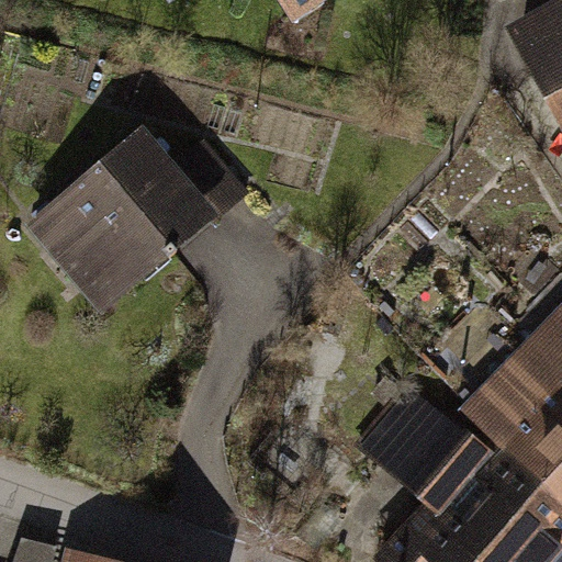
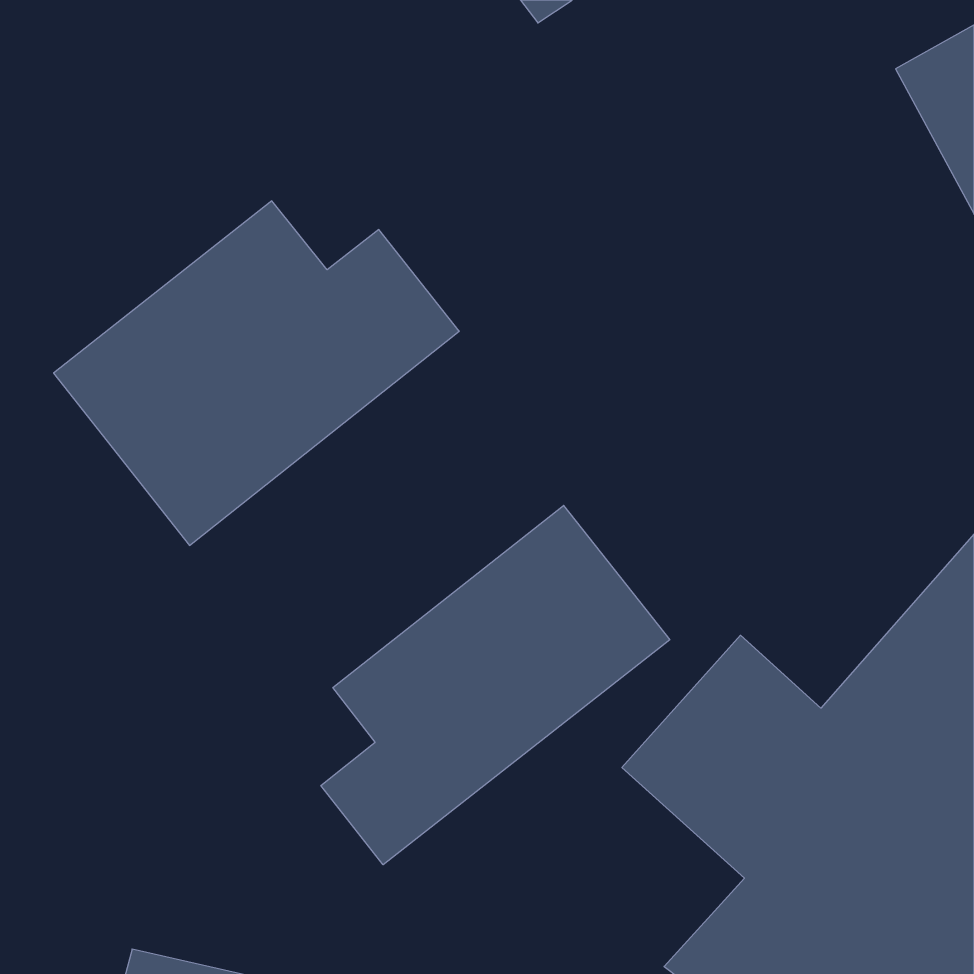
building: none -> [321,505,670,865]

